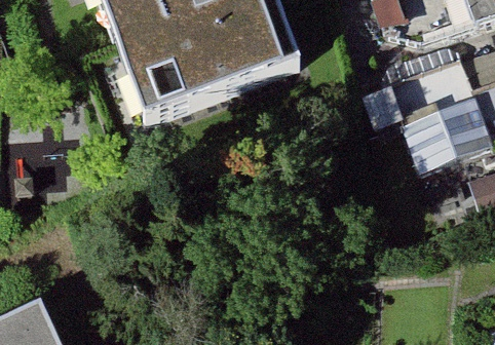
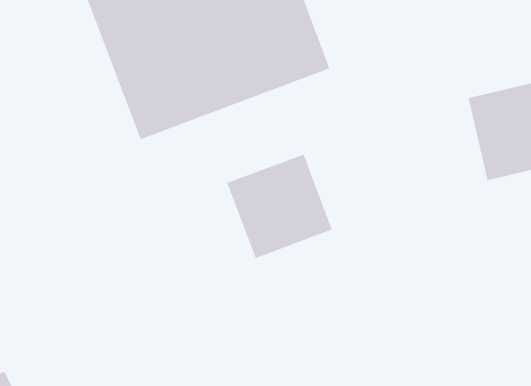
building: none -> [227,154,333,259]

